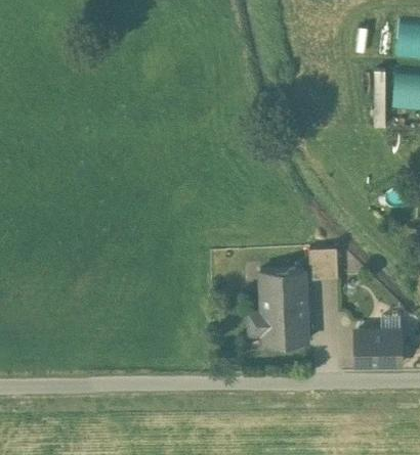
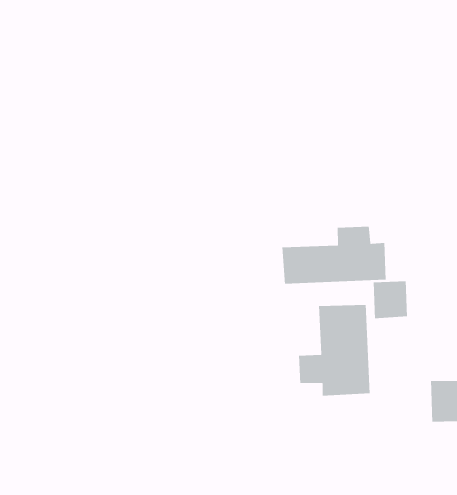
building: none -> [282,226,386,284]

